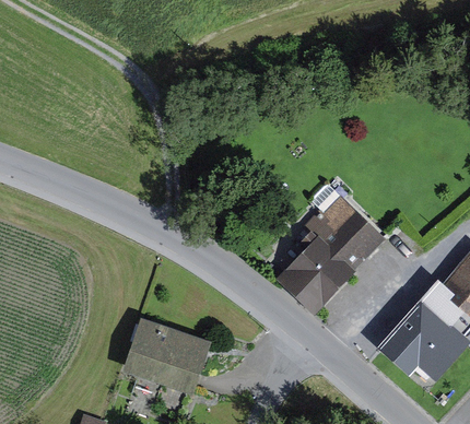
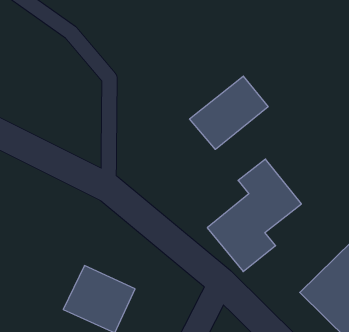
building: none -> [190,76,268,149]

